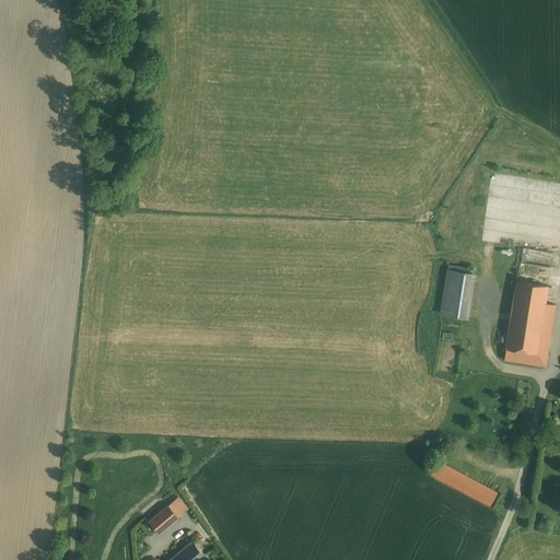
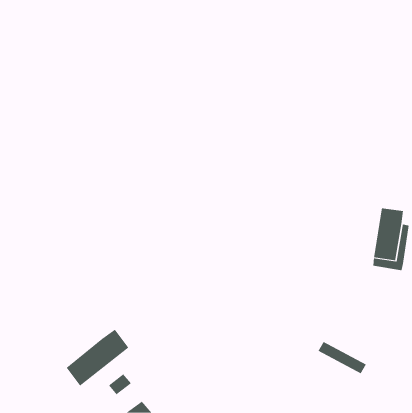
building: [441,270,474,317] -> none
building: none -> [66,329,129,386]

